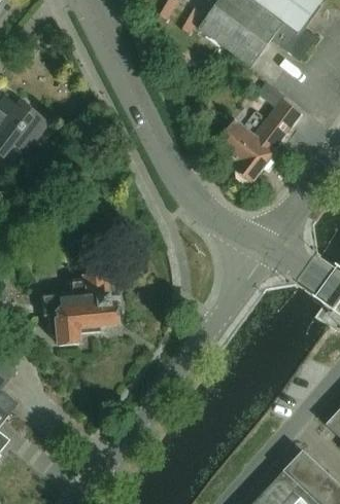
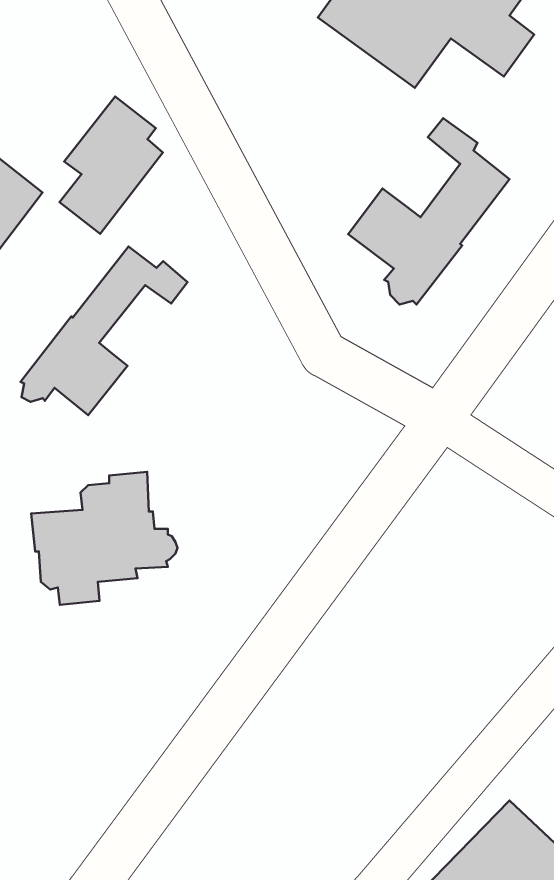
building: none -> [60,97,163,234]
building: none -> [20,247,187,415]

